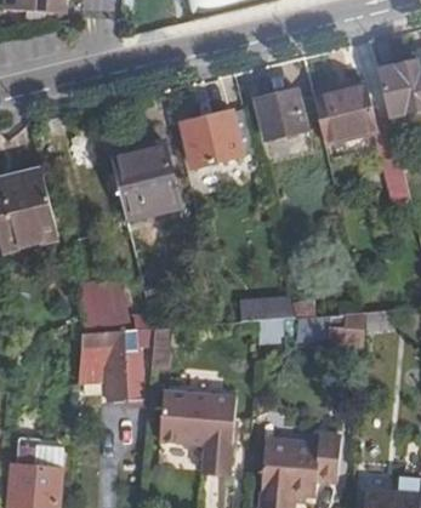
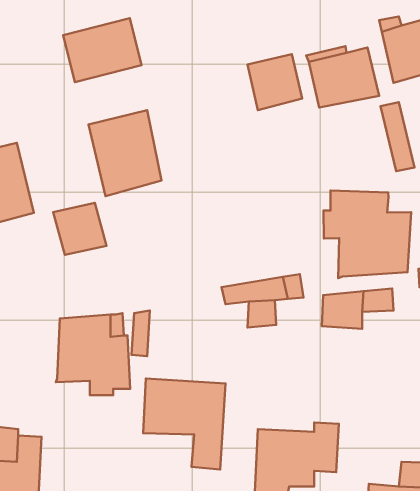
building: [180,109,252,169] -> [63,18,141,82]
building: none -> [323,190,411,278]
building: [78,276,127,325] -> [53,203,107,255]

